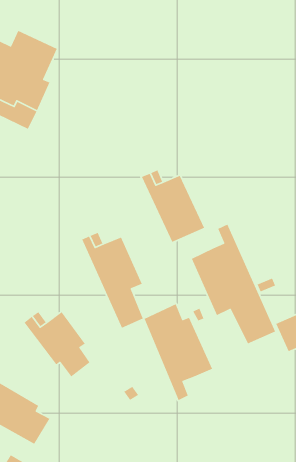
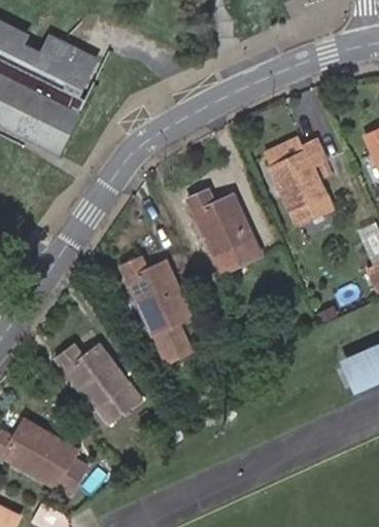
building: none -> [272,140,330,222]
building: [191,224,276,344] -> none
building: [144,303,213,401] -> none

